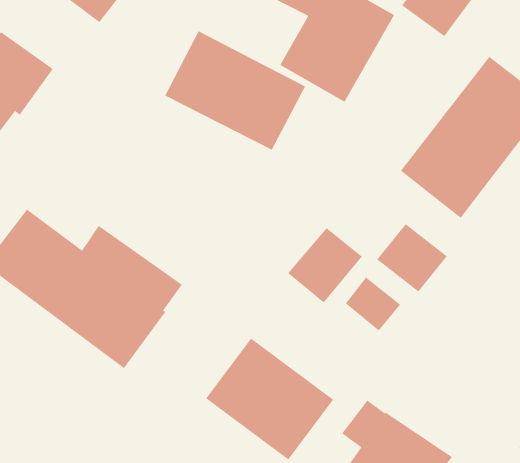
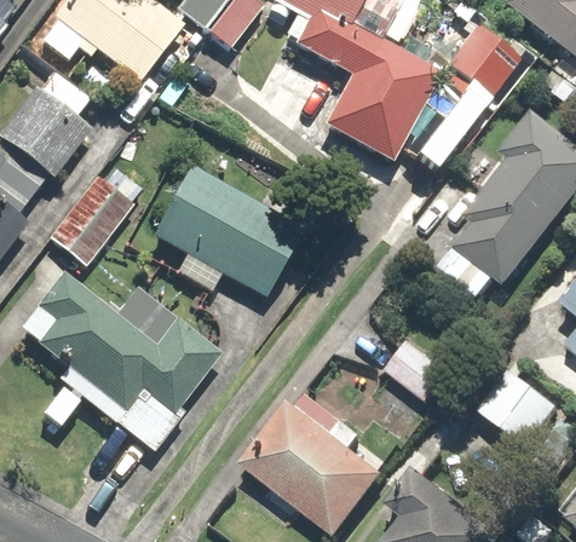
building: [164,30,306,151] -> [154,167,300,292]
building: none -> [52,177,132,263]
building: [376,223,448,292] -> [484,371,558,443]
building: [287,227,363,304] -> none

